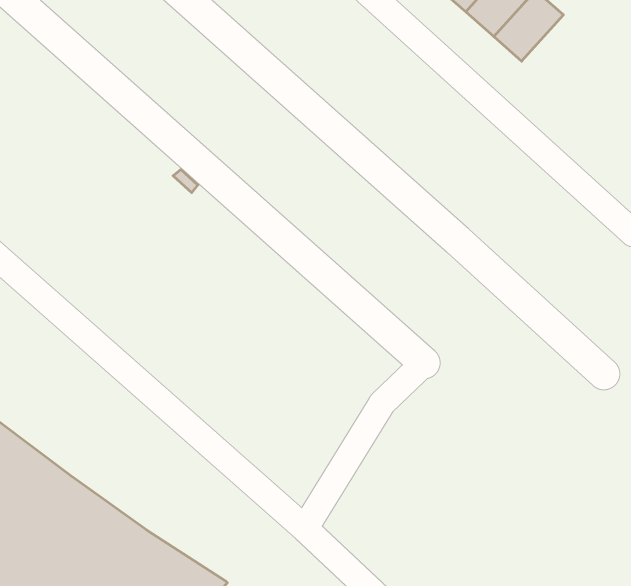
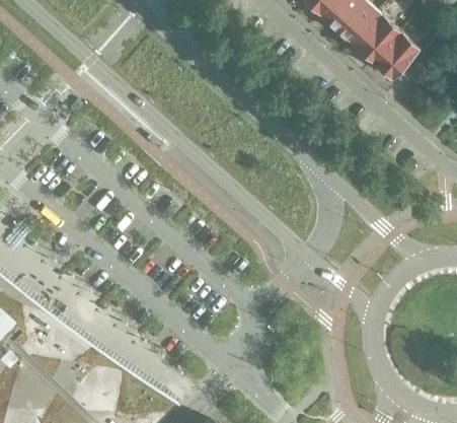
building: none -> [366,28,417,76]

